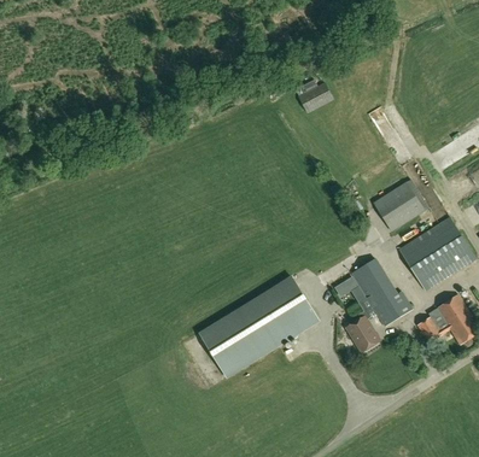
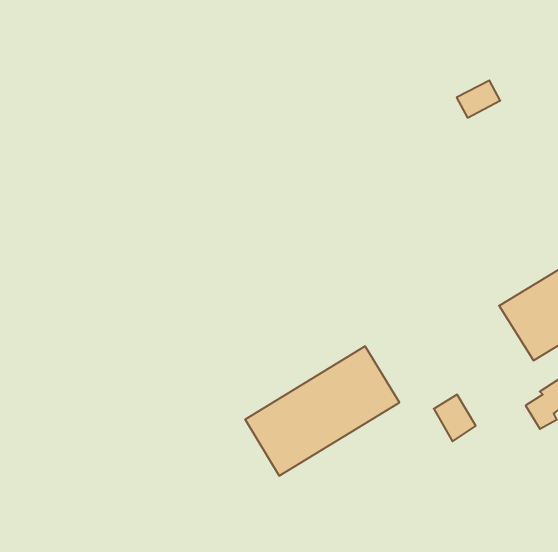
building: [298,82,332,111] -> [457,80,500,118]
building: [372,181,422,229] -> none
building: [351,257,411,324] -> none

